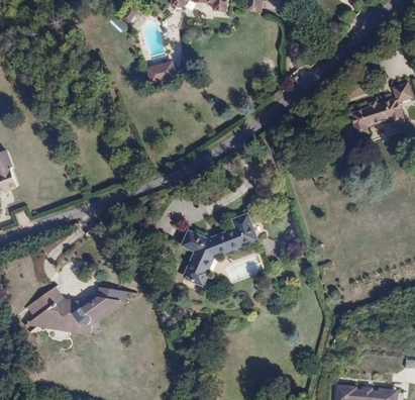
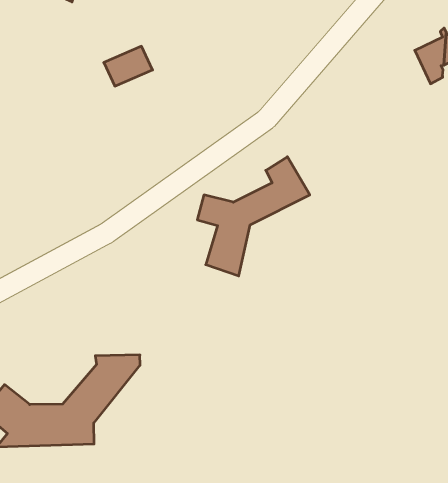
building: [178,218,256,294] -> [197,157,310,276]

